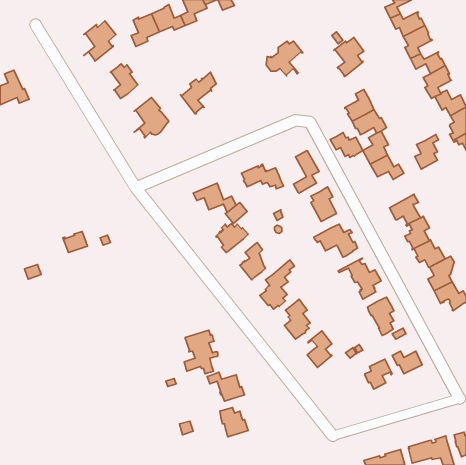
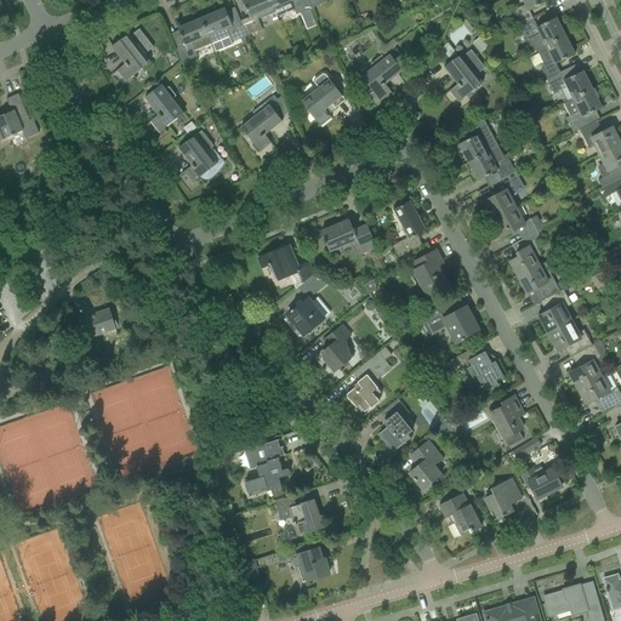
building: none -> [301,73,346,126]
building: [330,132,363,158] -> none
building: [415,134,438,169] -> [509,230,541,277]
building: none -> [439,492,482,534]

